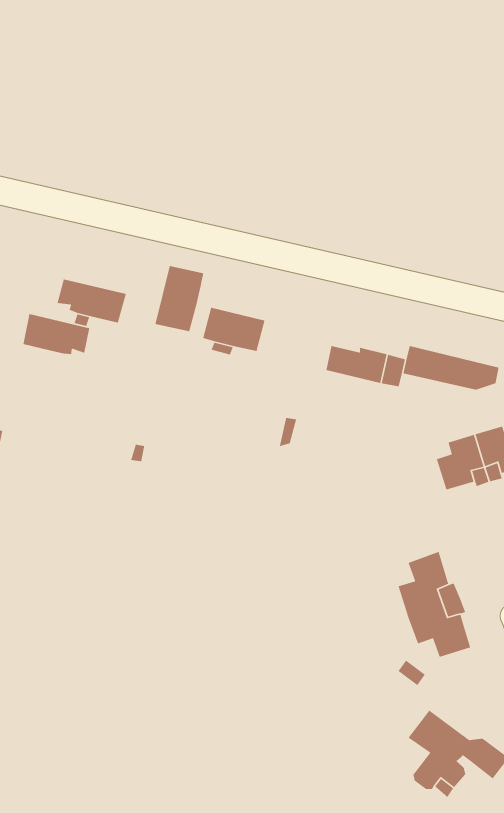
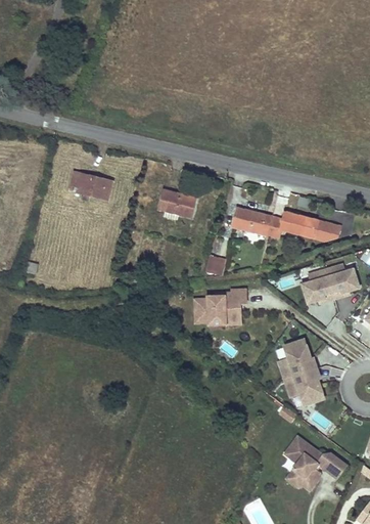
building: [155,265,204,332] -> none
building: [23,313,90,355] -> none
building: none -> [193,291,246,323]

